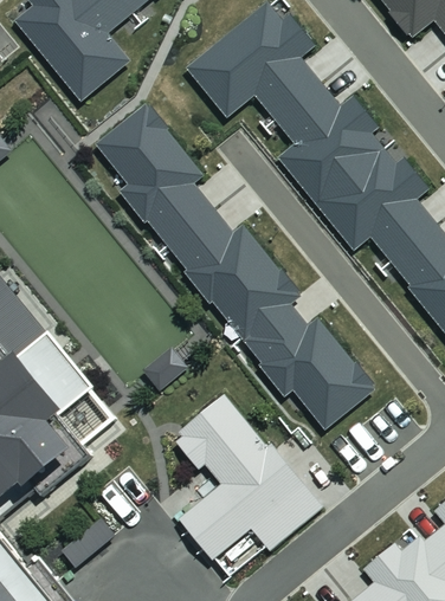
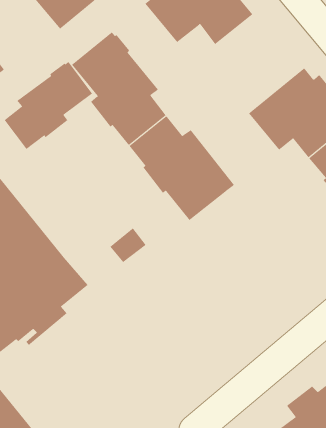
building: [273,82,385,205] -> none
building: none -> [4,61,93,150]
building: [241,300,375,429] -> none
building: [175,395,322,560] -> none

